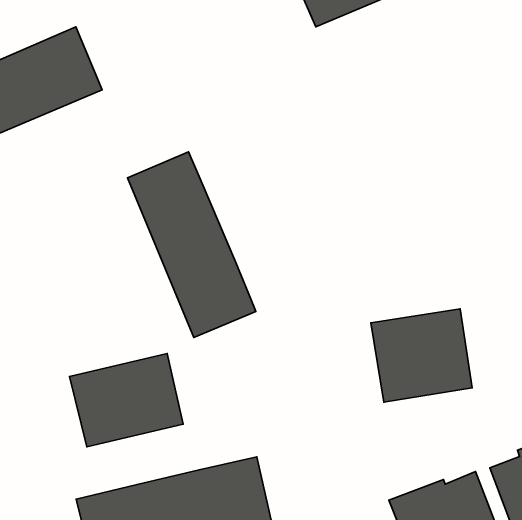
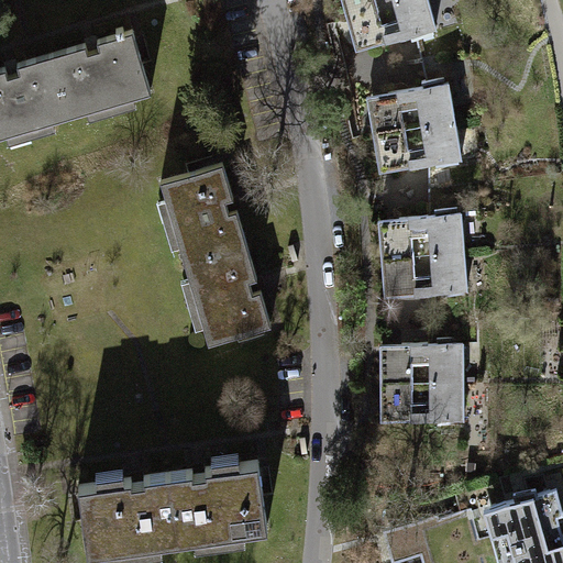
building: none -> [364,82,465,175]
building: none -> [379,216,471,301]
building: [70,354,183,447] -> none

